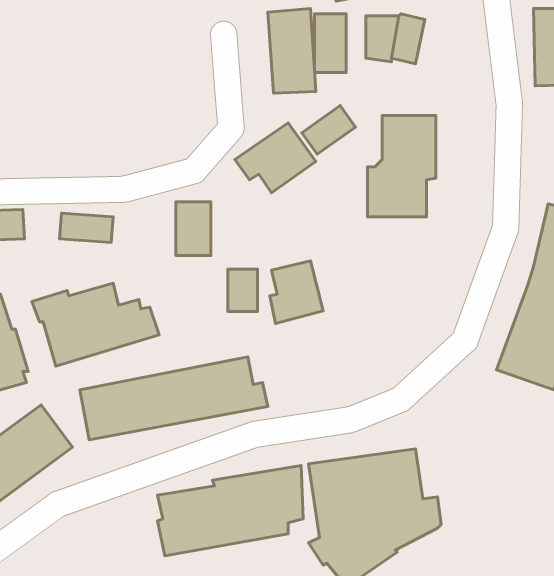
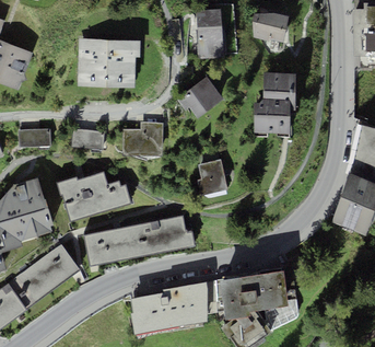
building: [315,14,346,72] -> none
building: none -> [77,38,140,86]
building: [302,106,355,154] -> none
building: [228,269,257,311] -> [122,130,140,155]

